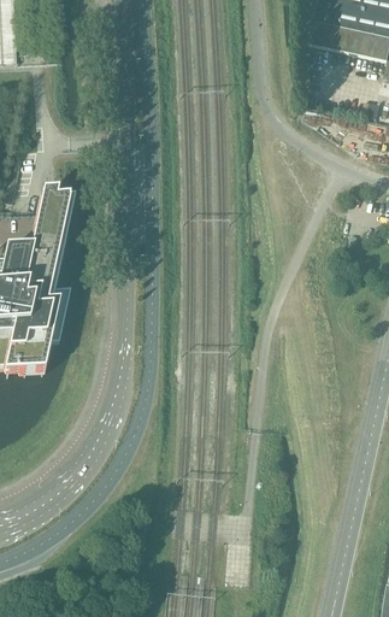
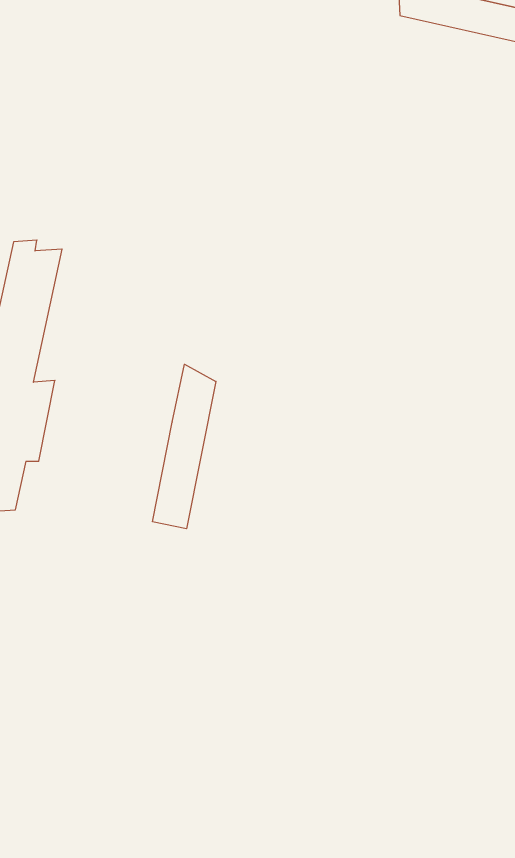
building: none -> [153,364,216,529]

